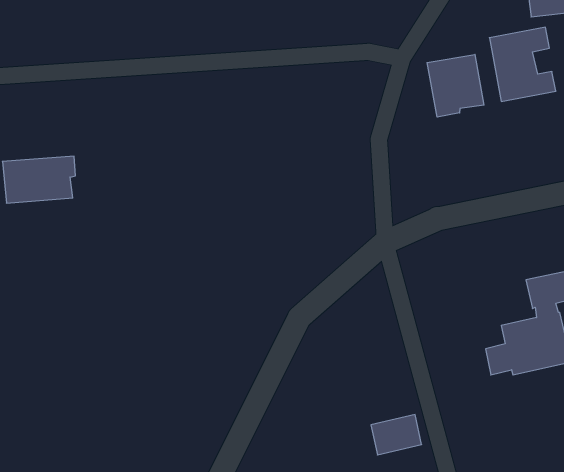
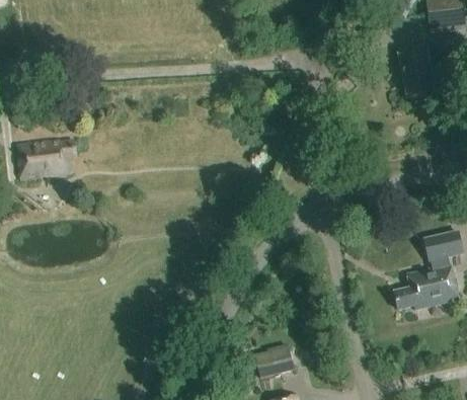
building: [427,54,484,117] -> none
building: [371,415,422,455] -> [254,345,294,377]

